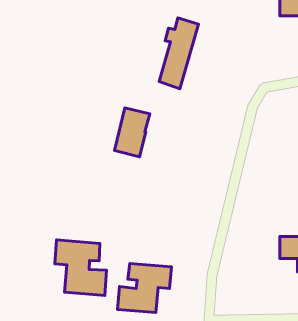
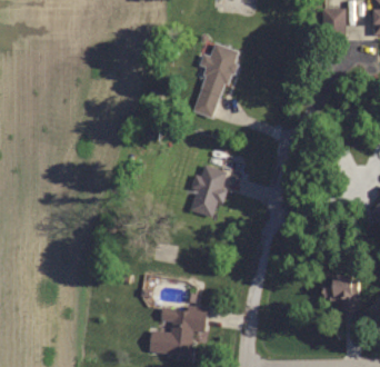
building: [114,108,150,157] -> [190,163,228,216]
building: [55,240,107,295] -> none

